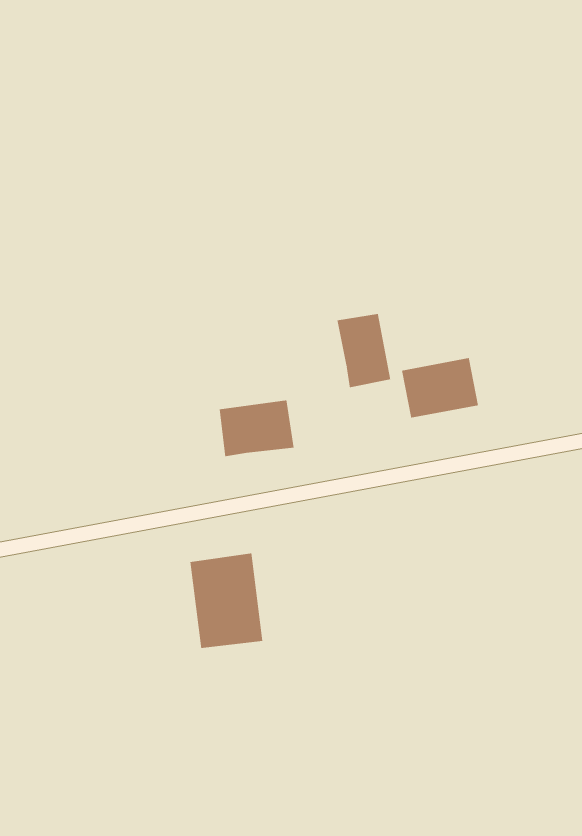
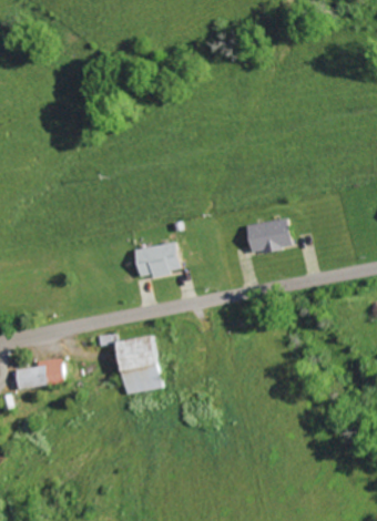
building: [337,313,391,388] -> none
building: none -> [14,358,64,388]

